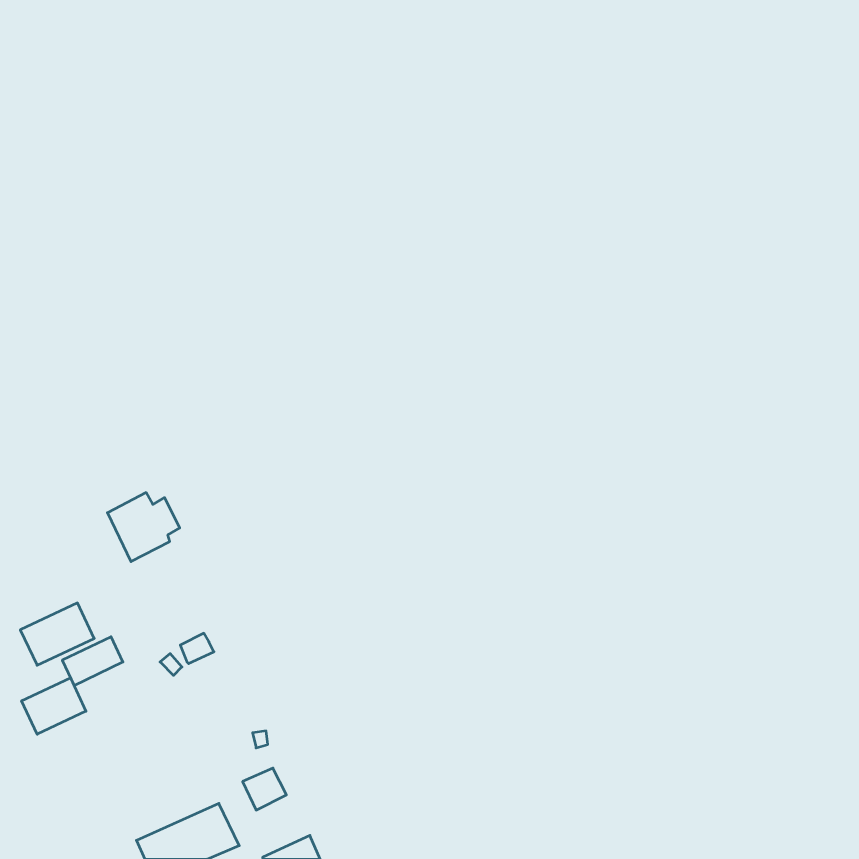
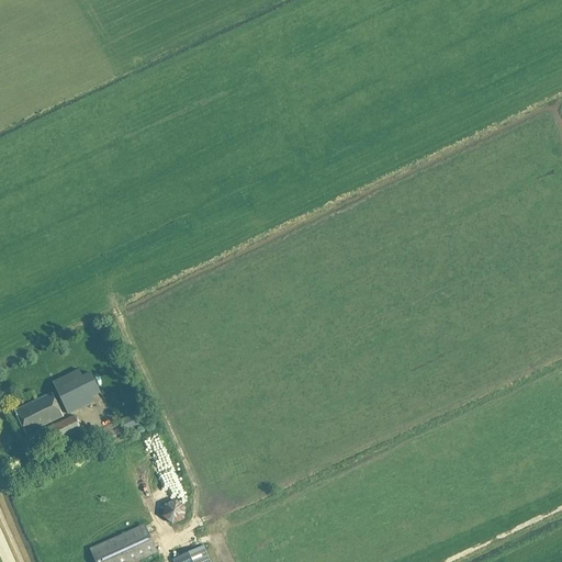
building: [107,493,180,562] -> [52,369,99,414]
building: [22,678,86,734] -> none

